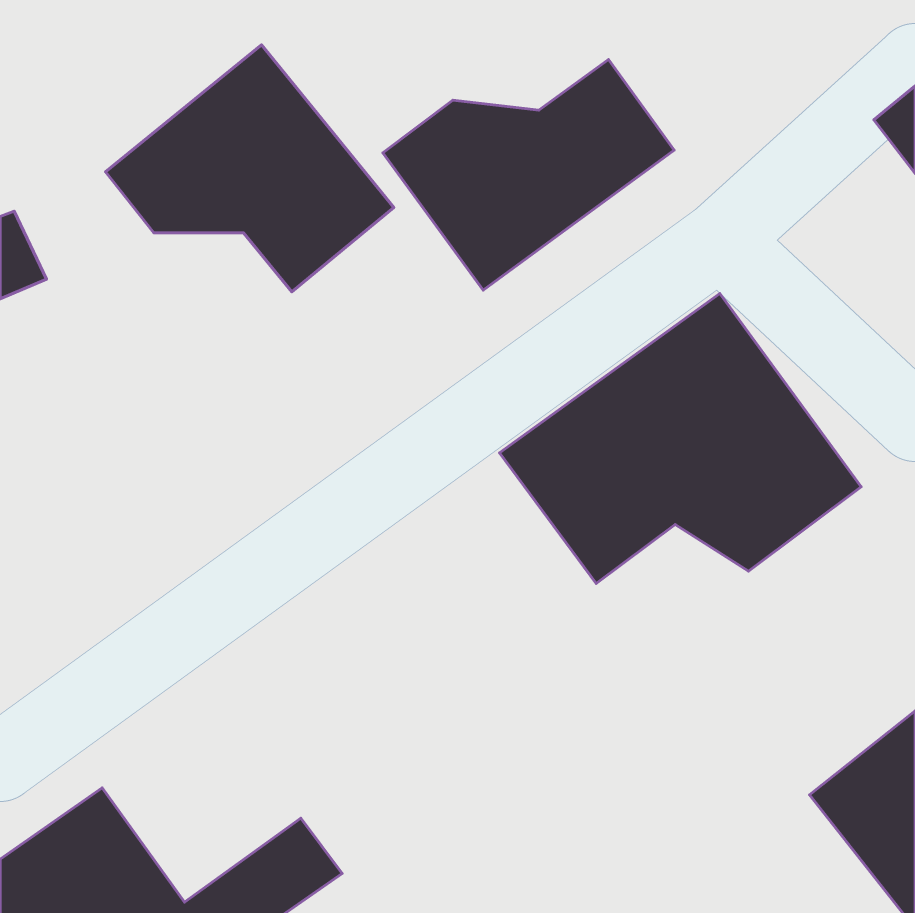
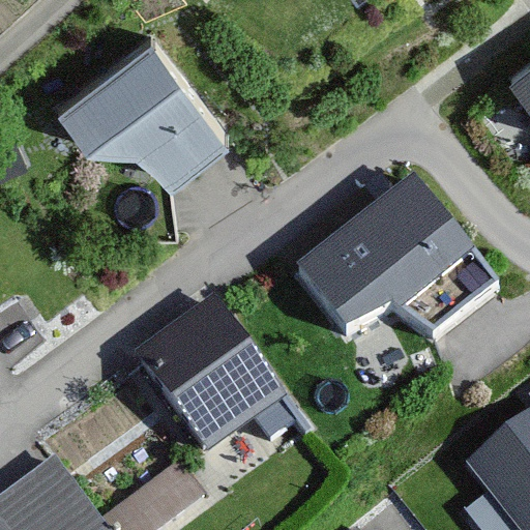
building: [383,59,674,290] -> none
building: none -> [131,301,284,459]

